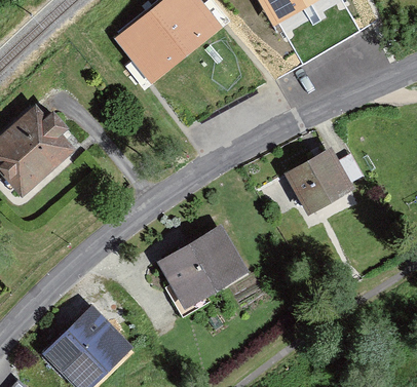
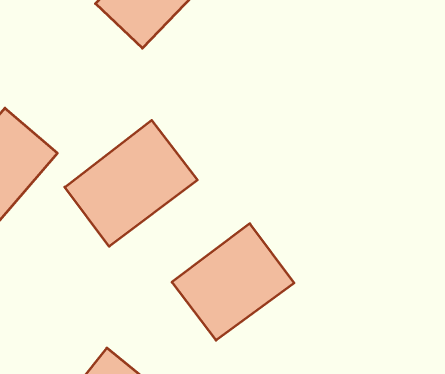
building: none -> [65,120,197,246]
building: [279,147,354,220] -> none

